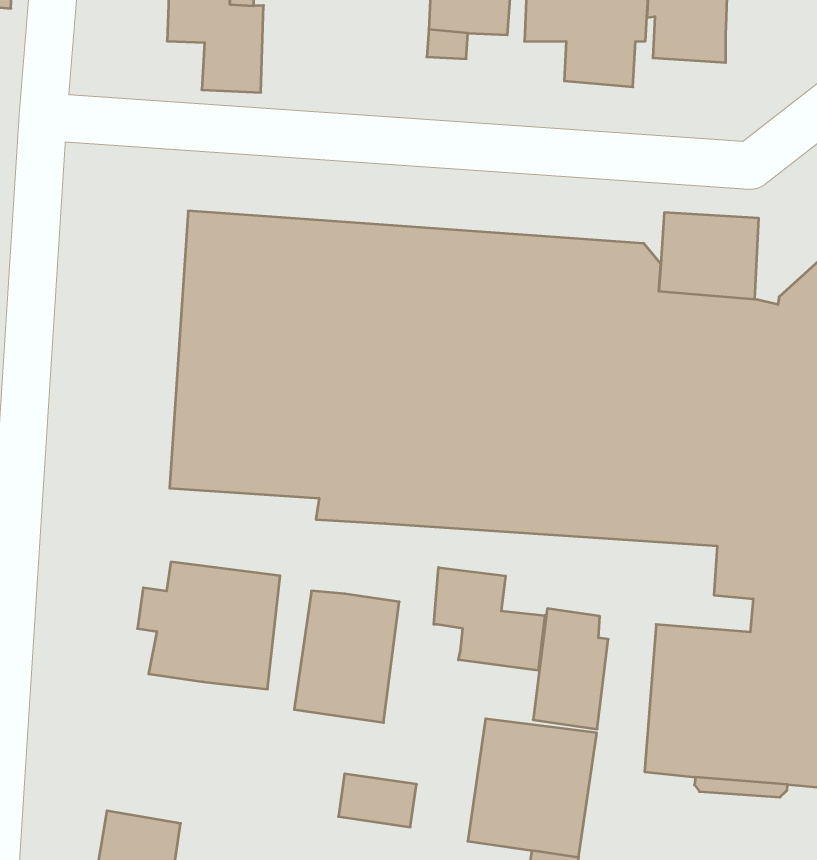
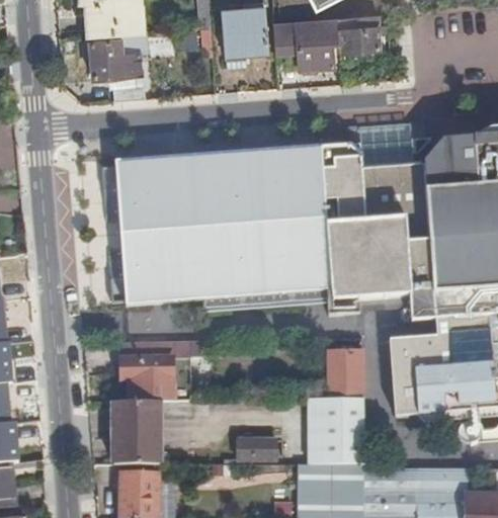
building: [434,567,545,670] -> none
building: [294,591,399,723] -> [113,402,160,464]

